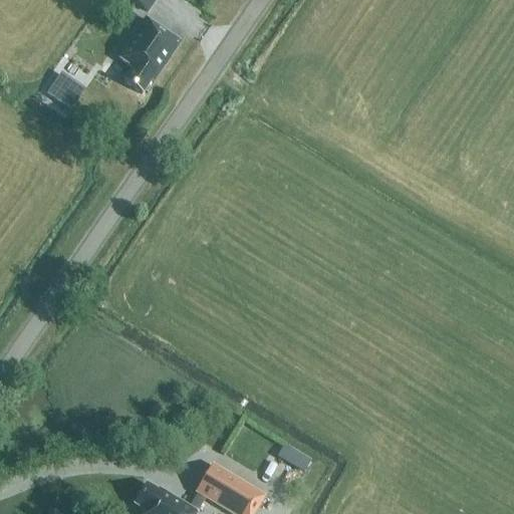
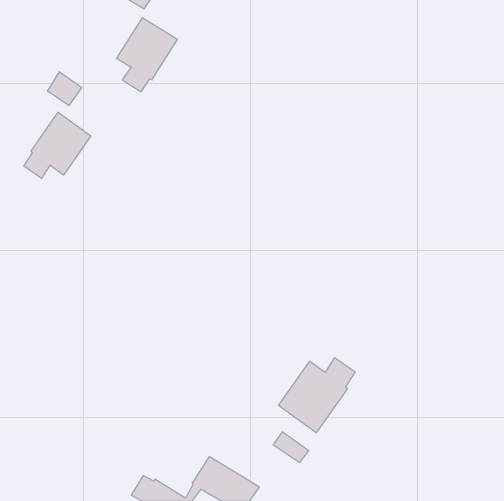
building: none -> [24,112,91,178]
building: none -> [279,358,355,433]

